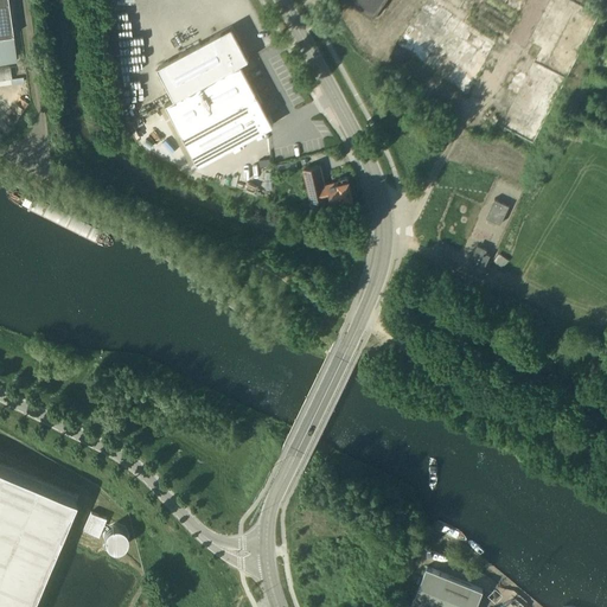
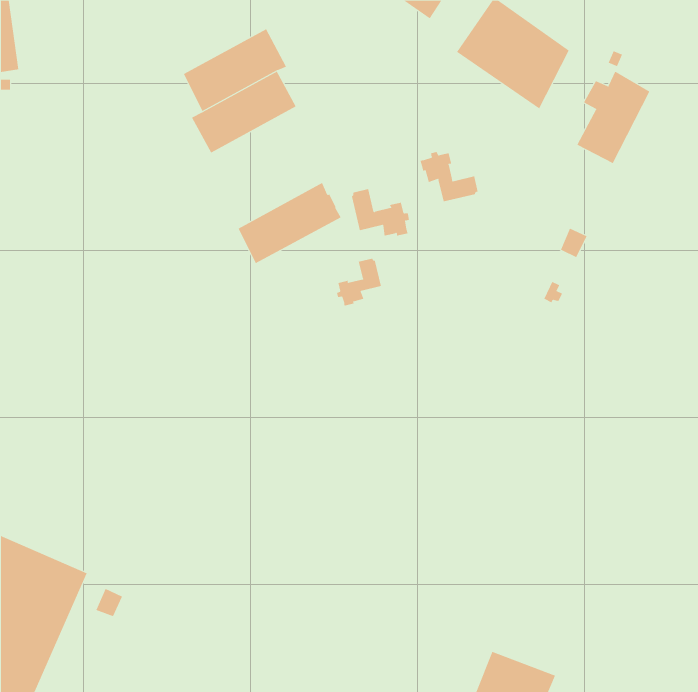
building: [184,97,274,168] -> [238,182,342,264]
building: none -> [420,151,478,202]
building: none -> [337,258,381,307]

